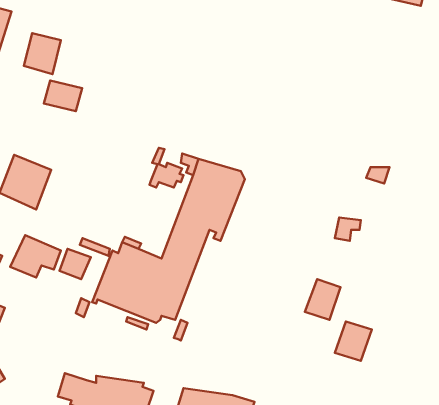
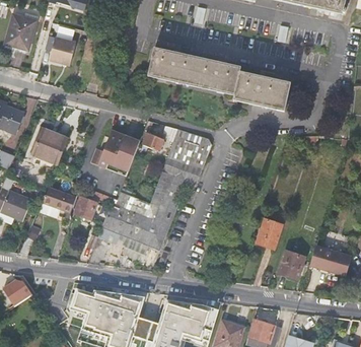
building: none -> [145,48,290,113]
building: [44,80,82,111] -> none
building: none -> [89,129,140,177]
building: none -> [310,246,352,275]

